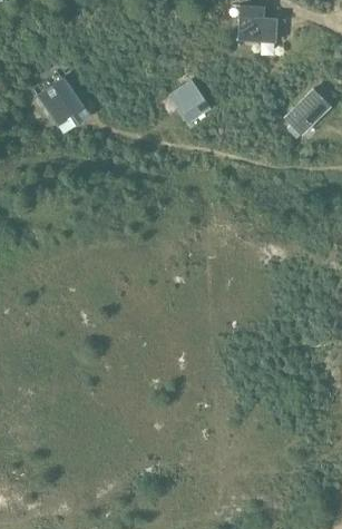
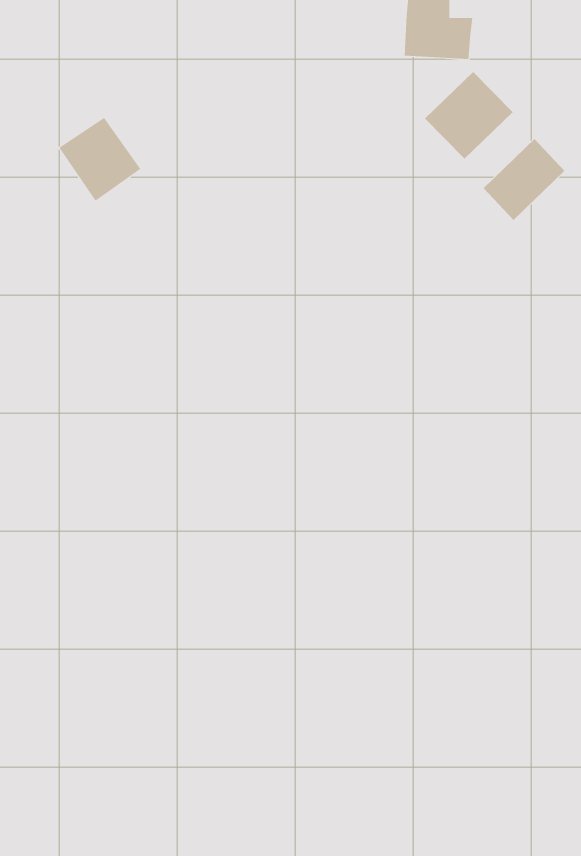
building: none -> [424,71,513,160]
building: [168,80,208,123] -> none

